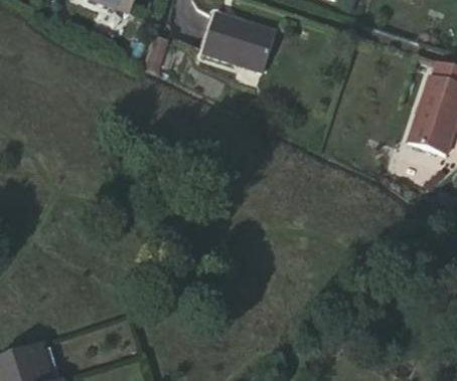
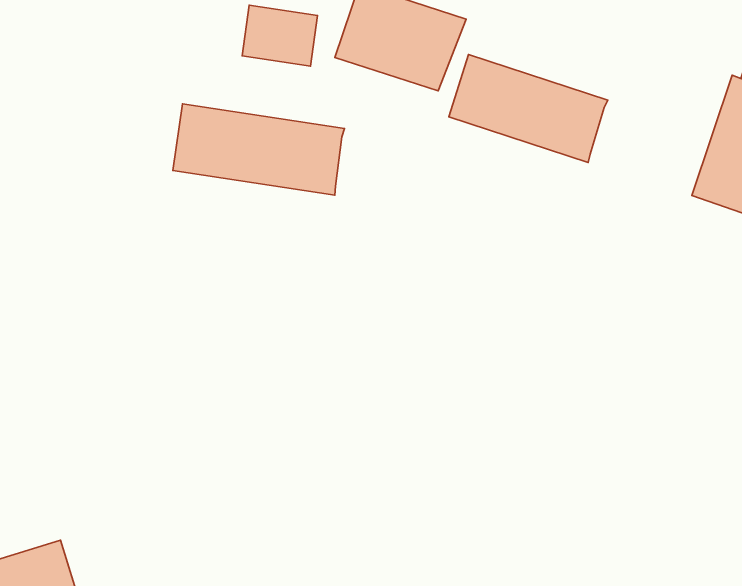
building: none -> [449,55,608,163]
building: none -> [173,104,344,195]

